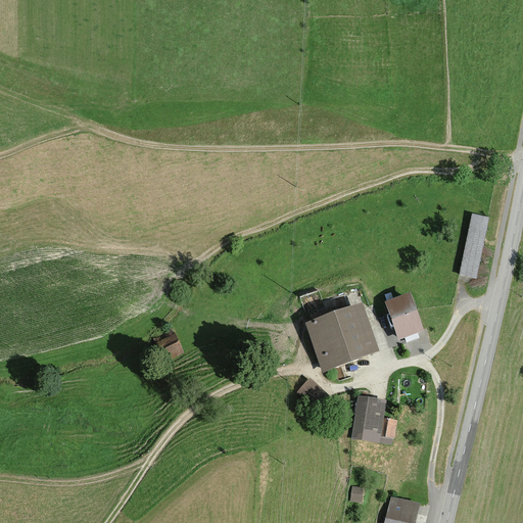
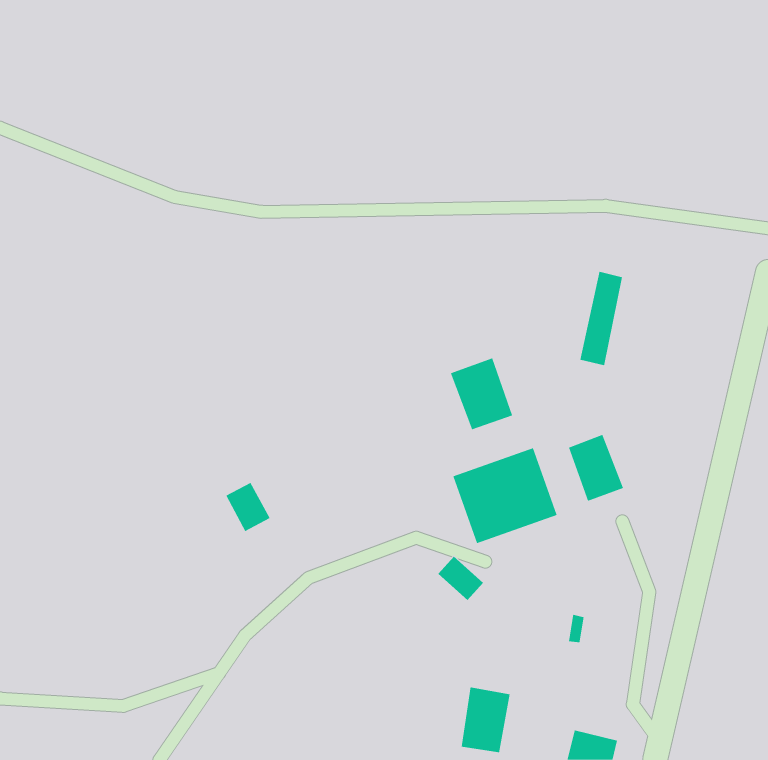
building: [458,211,487,276] -> [579,271,623,366]
building: none -> [450,357,513,430]
building: [352,396,386,441] -> [461,687,510,753]

